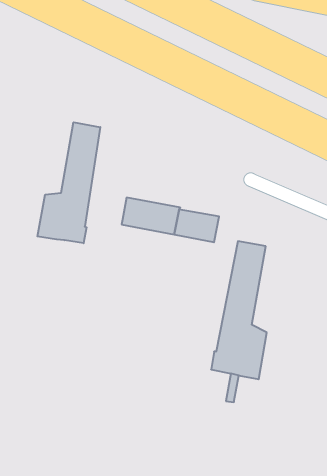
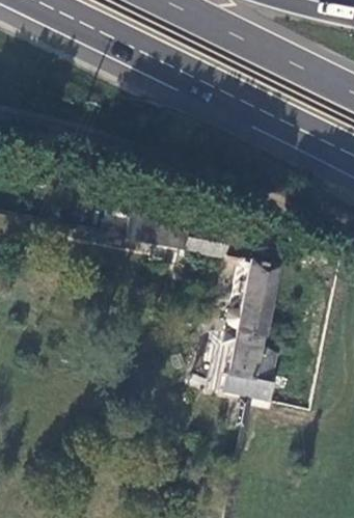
building: [37,122,100,243] -> none

